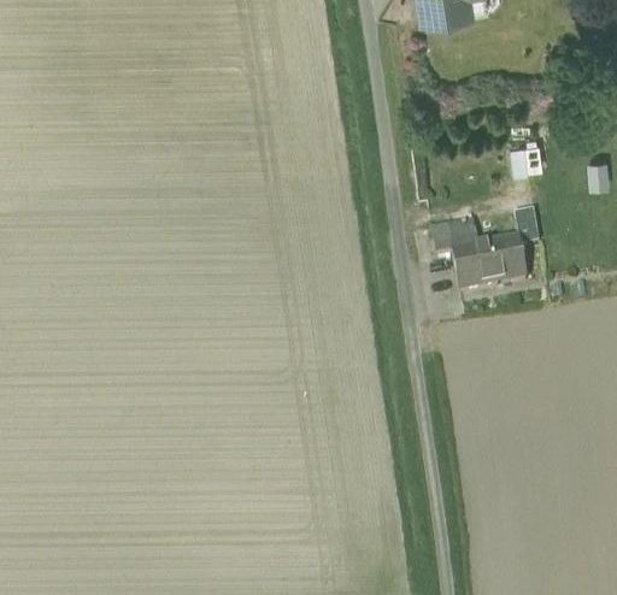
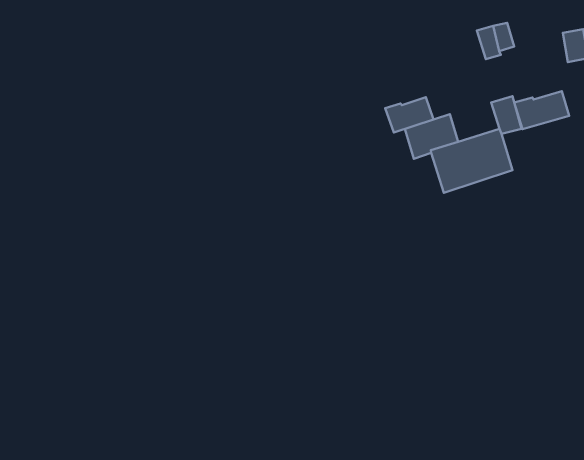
building: none -> [385,97,433,132]
building: none -> [514,91,569,129]

